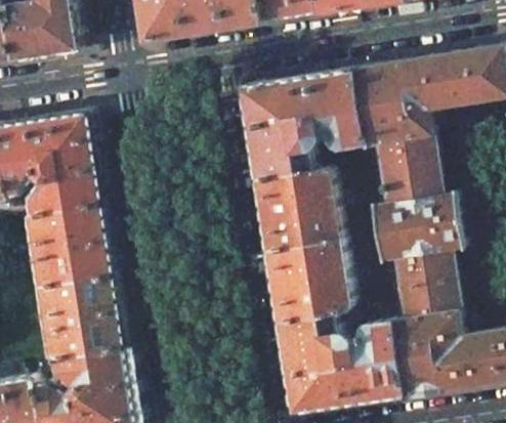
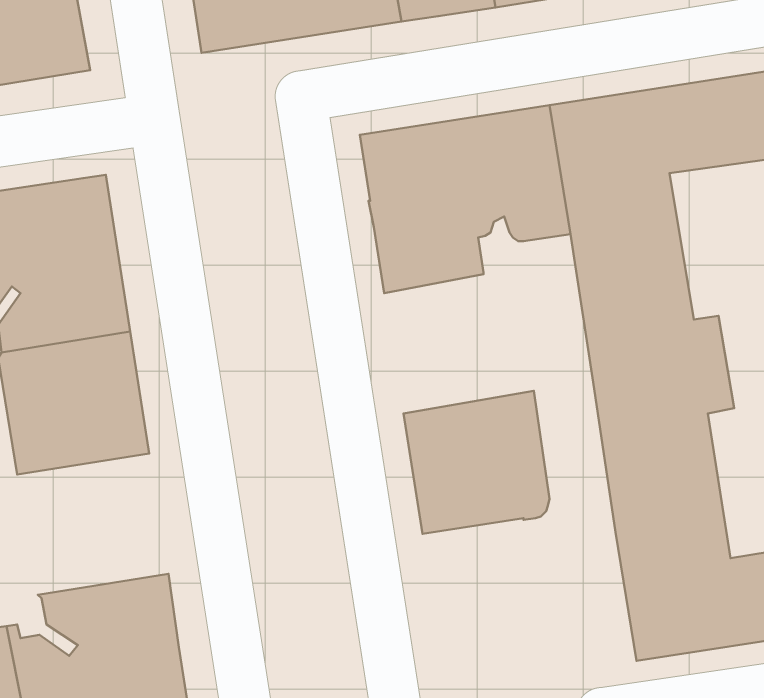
building: [251,167,339,251] -> none
building: [35,274,124,357] -> none
building: [273,312,399,414] -> none

